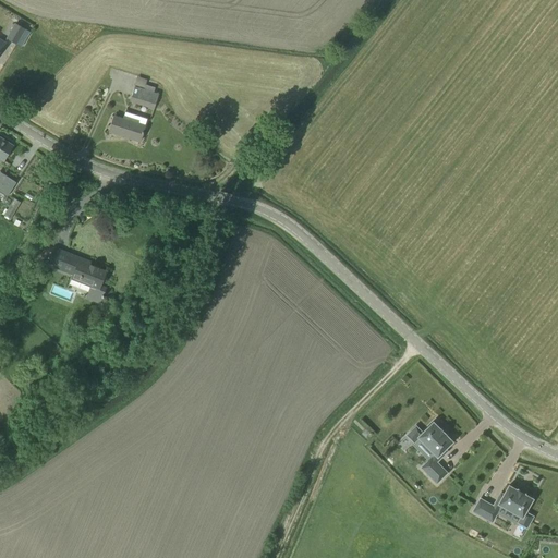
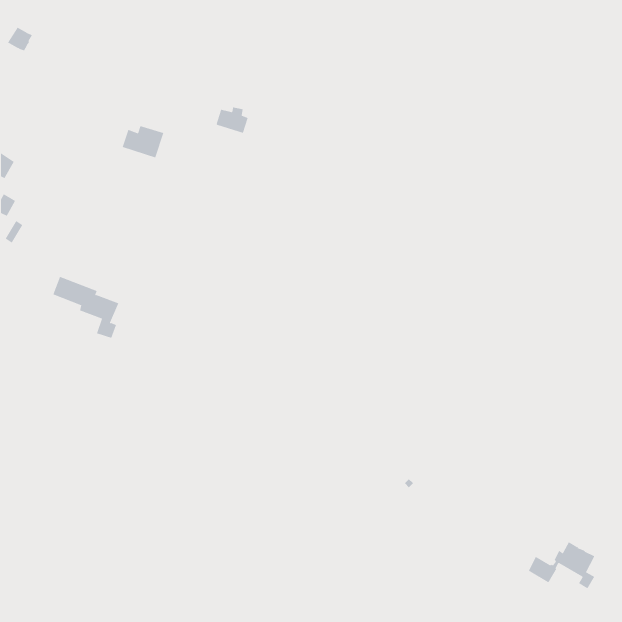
building: [130,85,159,109] -> [216,107,248,134]
building: [407,422,452,483] -> none

